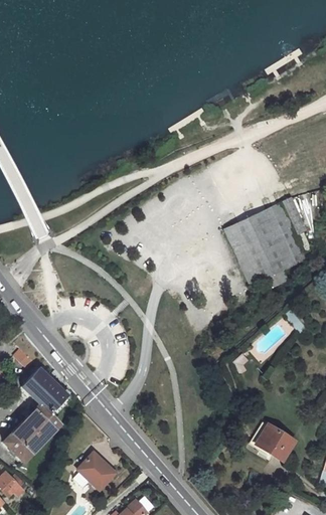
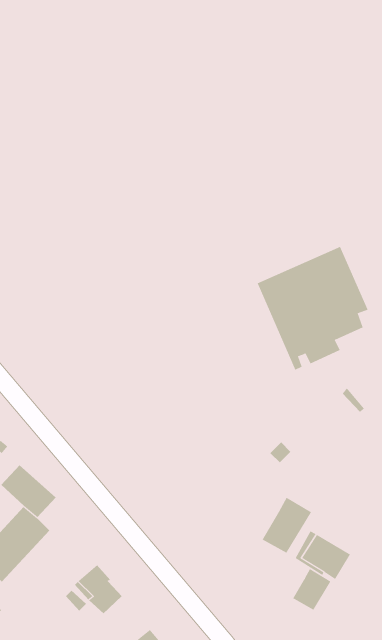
building: none -> [262,497,312,554]
building: none -> [292,568,331,610]

